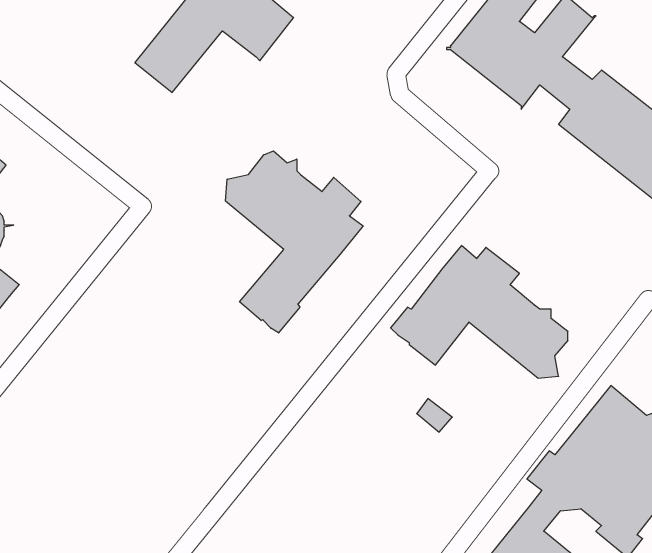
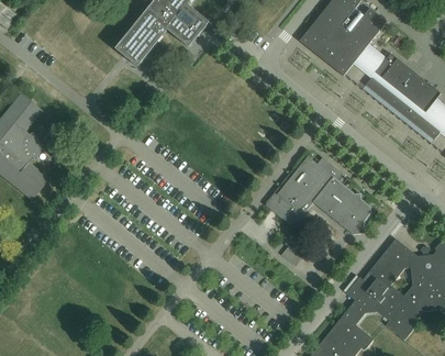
building: [225,151,363,333] -> none

